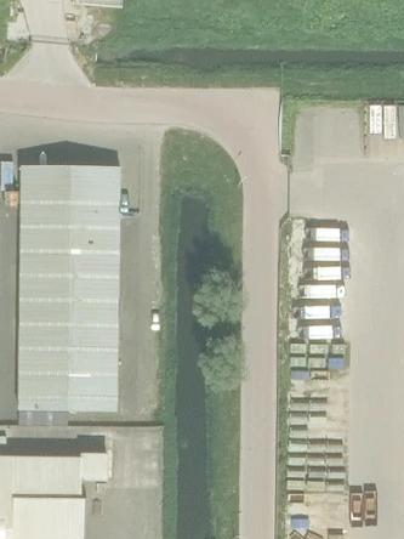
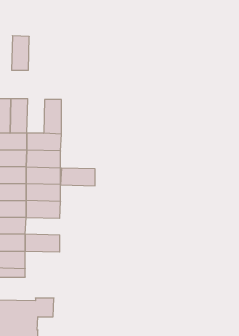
building: [69,165,95,215] -> [12,36,29,70]
building: [67,336,116,362] -> [61,168,95,186]
building: [67,385,116,410] -> none

